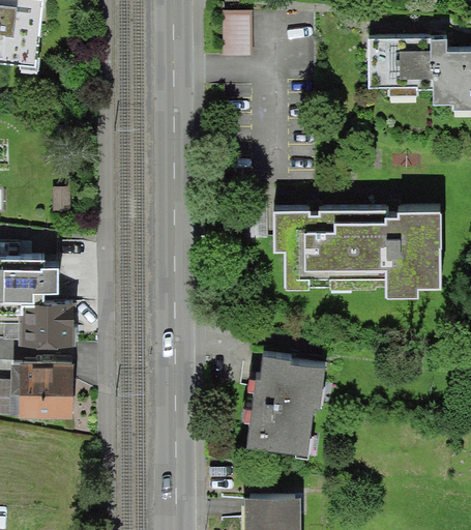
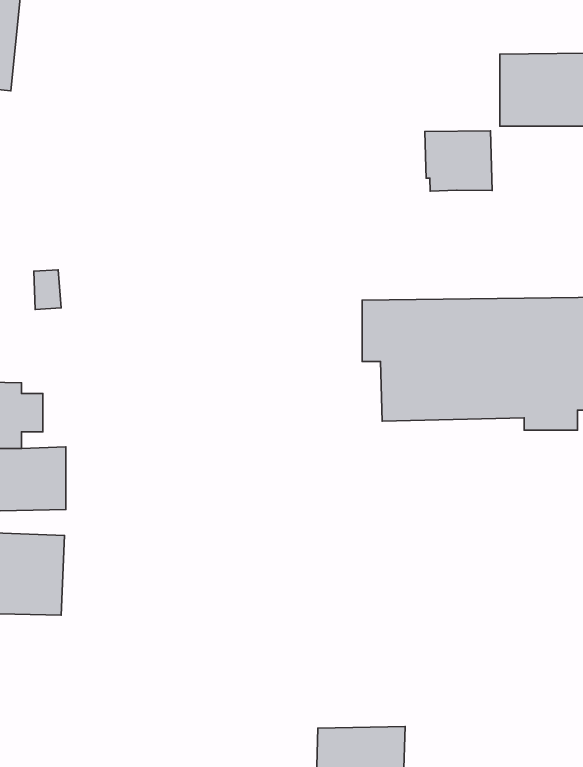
building: [223,11,252,58] -> none
building: none -> [425,131,492,191]
building: [249,352,328,458] -> none

